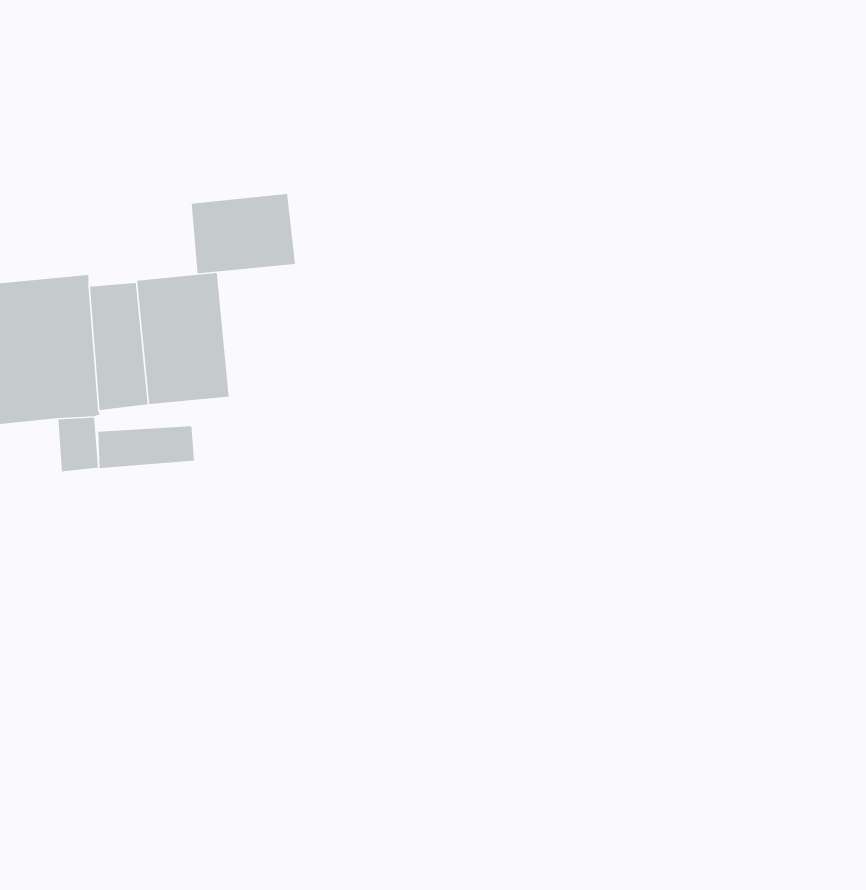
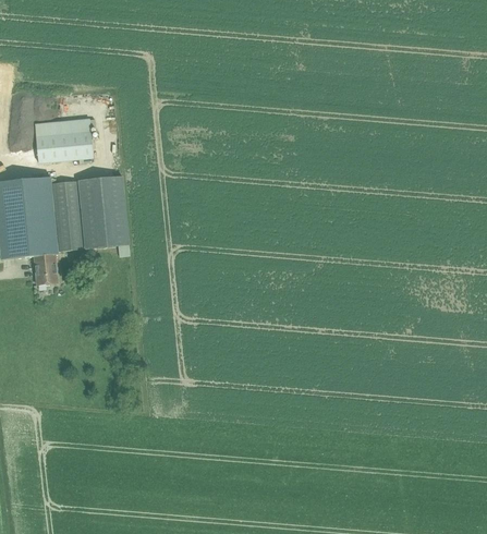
building: [191,193,296,274] -> [35,118,93,162]
building: [98,425,195,469] -> none

